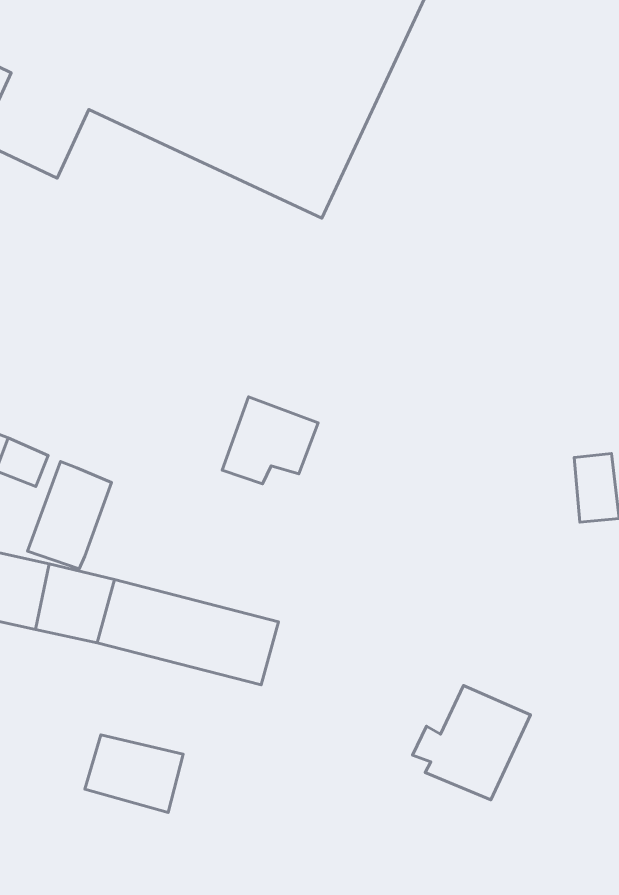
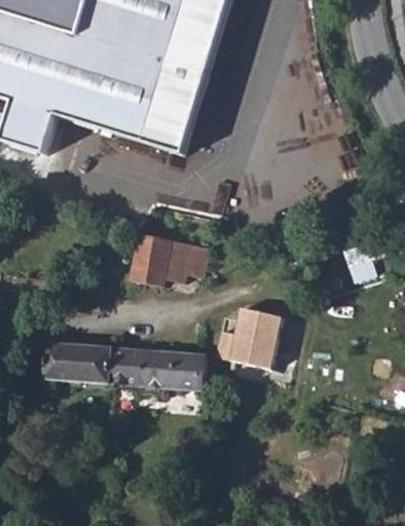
building: [27,461,111,569] -> [127,233,167,289]
building: [412,685,531,800] -> [219,310,279,369]
building: [85,735,183,812] -> none

